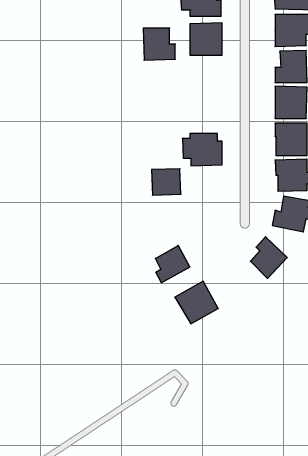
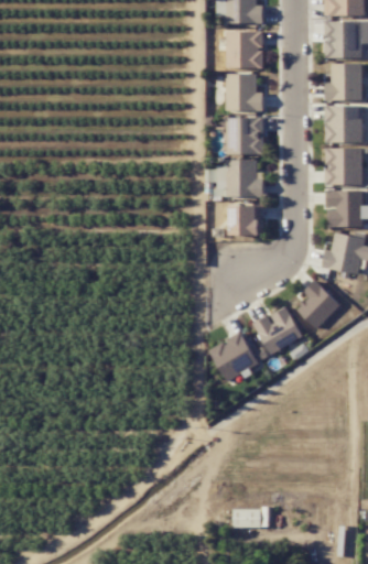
building: [143,28,175,60] -> [226,74,263,111]
building: none -> [227,117,263,154]
building: [152,169,181,195] -> [229,205,263,236]
building: [155,245,190,283] -> none
building: none -> [253,306,302,354]
building: none -> [234,509,261,528]

